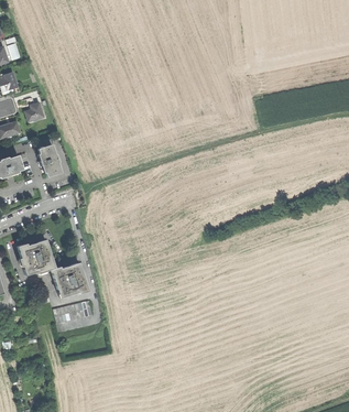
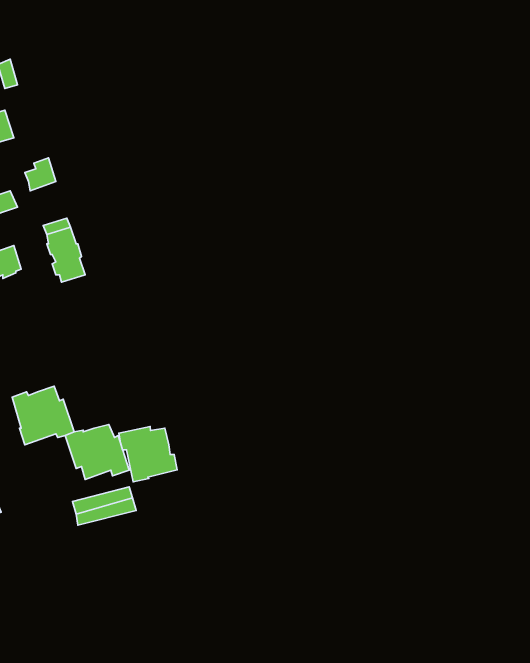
building: none -> [119,426,177,482]

